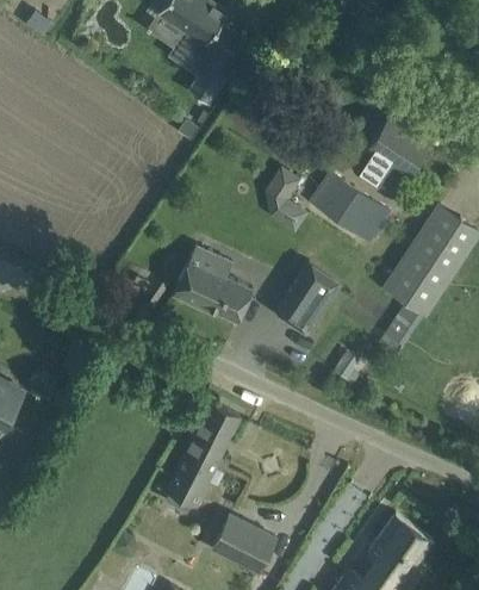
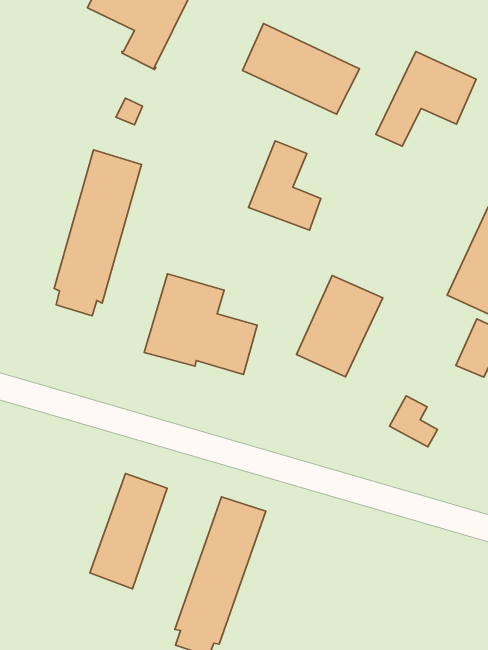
building: none -> [54,150,141,316]
building: [312,173,392,242] -> [243,24,360,114]
building: none -> [90,474,167,589]

